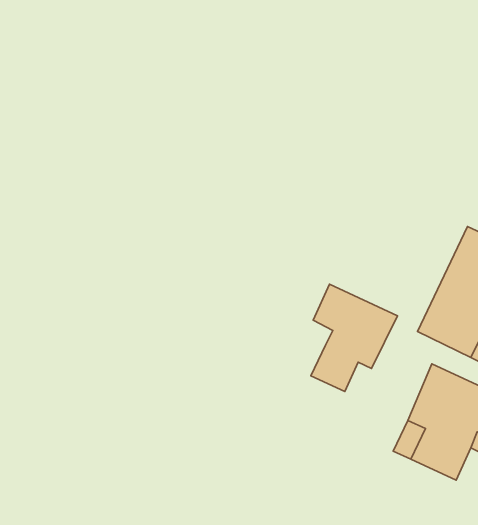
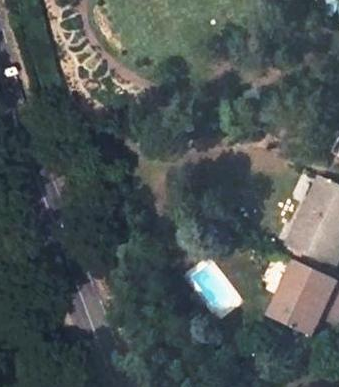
building: [311,284,398,392] -> none

